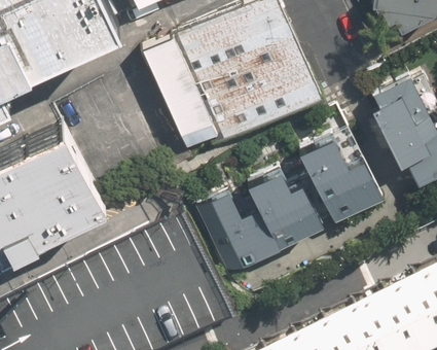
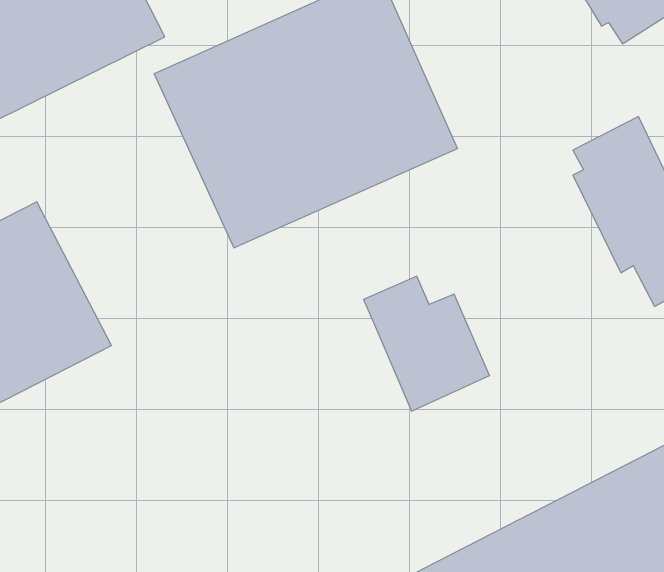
building: [302,136,383,223] -> none
building: [198,194,281,272] -> none

